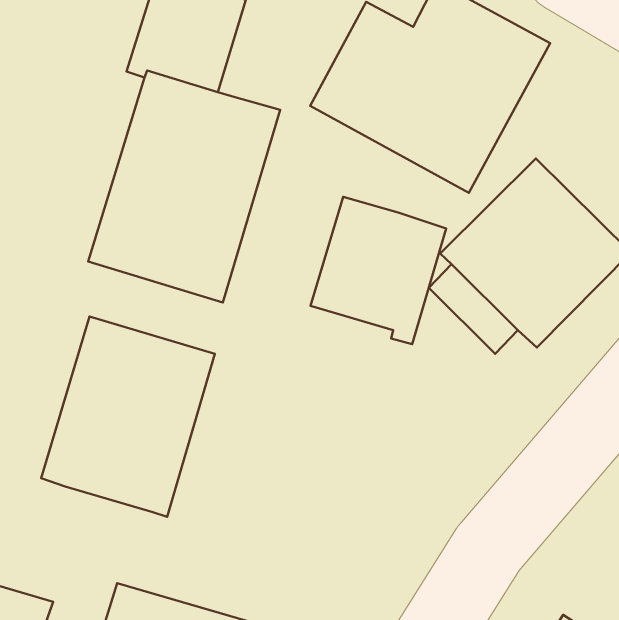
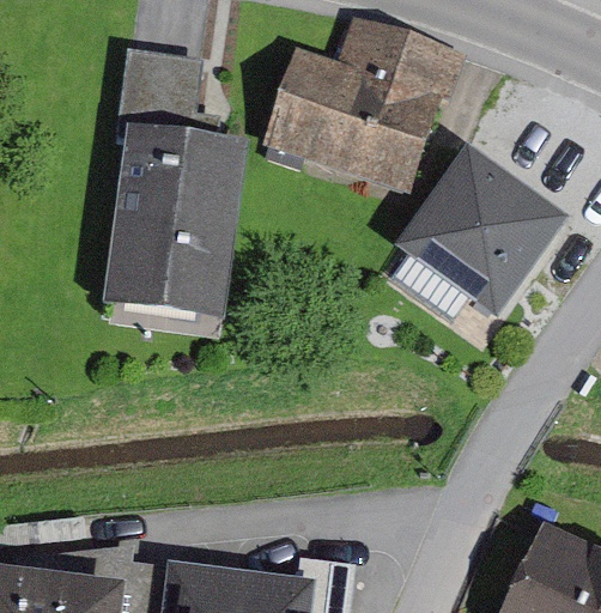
building: [310,197,446,344] -> none
building: [41,317,215,517] -> none

